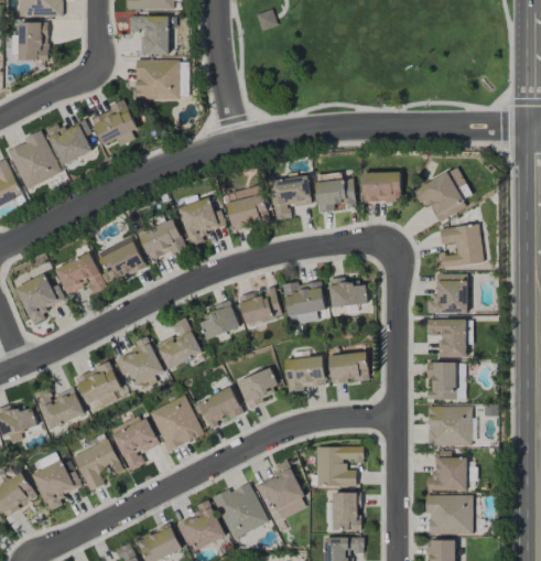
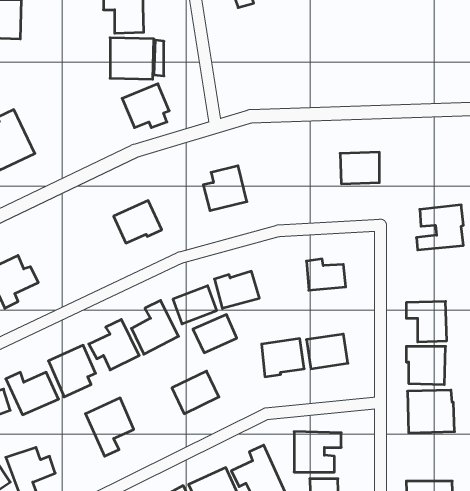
building: [90,103,137,145] -> [122,84,169,128]
building: [46,119,93,165] -> none
building: [413,168,470,222] -> none
building: [270,176,311,220] -> none
building: [314,177,356,213] -> none
building: [178,198,226,246] -> none
building: [97,241,145,283] -> none
building: [55,253,107,295] -> none
building: [426,273,467,313] -> none
building: [284,281,324,324] -> none
building: [237,367,280,404] -> [193,315,237,353]
building: [150,396,202,451] -> none
building: [73,439,123,492] -> none
building: [426,451,467,490] -> none

